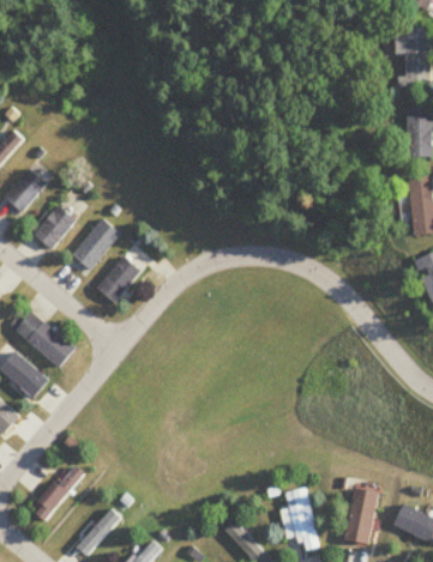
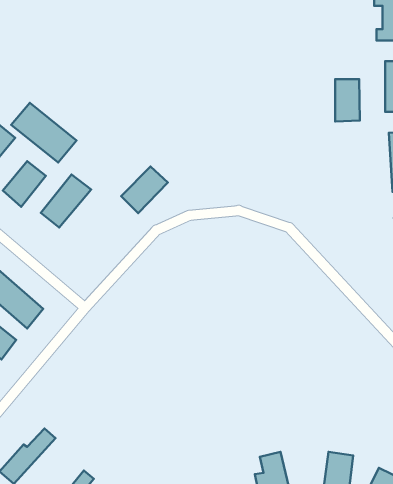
building: none -> [335,79,360,121]
building: none -> [11,103,77,163]
building: [95,256,140,302] -> [121,166,168,213]

